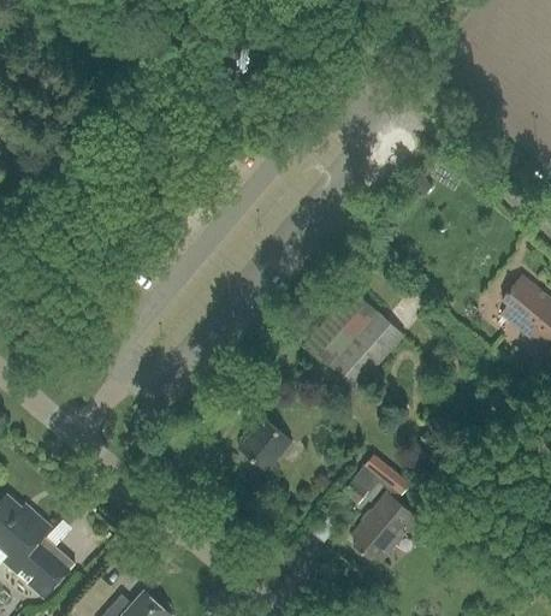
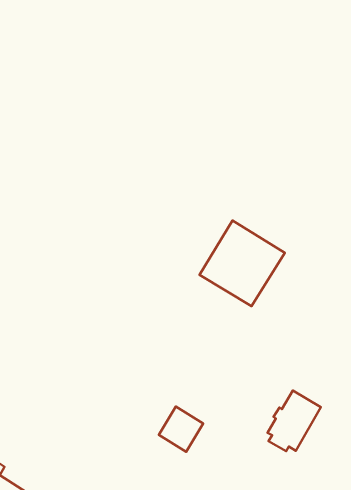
building: [238,417,290,470] -> [159,406,203,452]
building: [343,454,410,504] -> none

